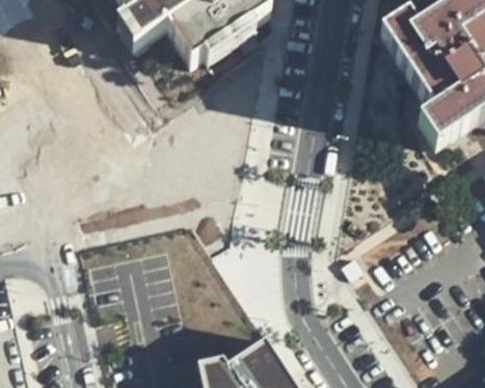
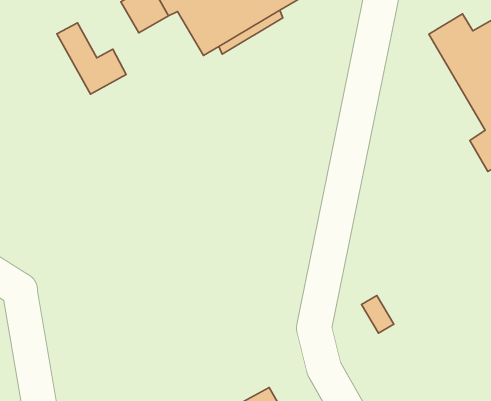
building: none -> [57,23,126,94]

